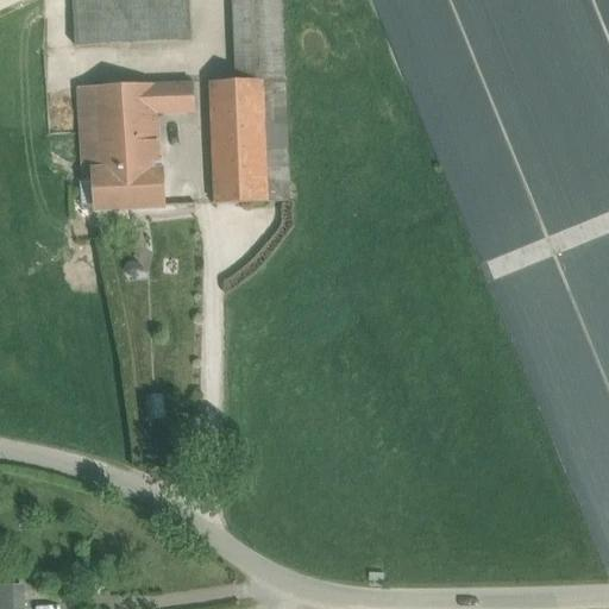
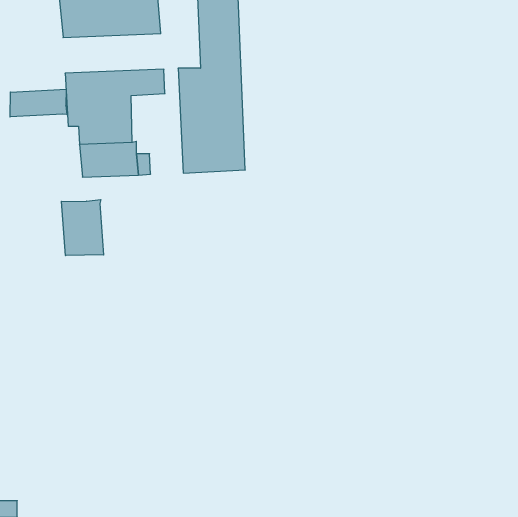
building: none -> [10,89,67,117]
building: none -> [61,200,104,256]

